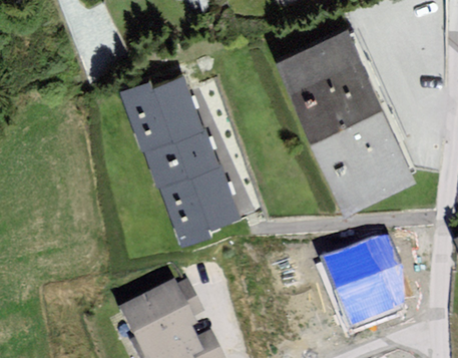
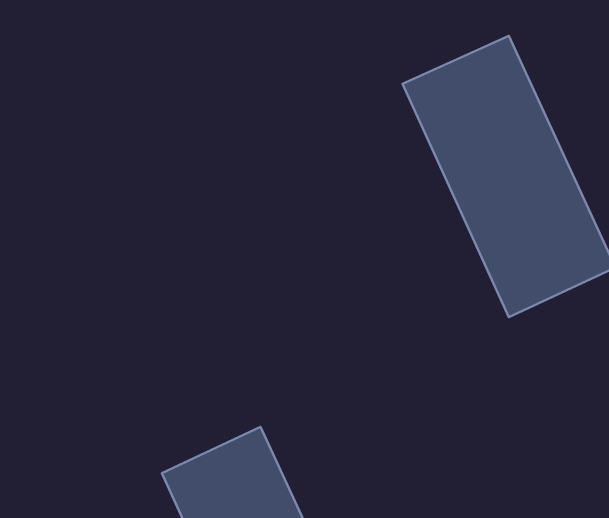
building: [128,67,239,243] -> none

